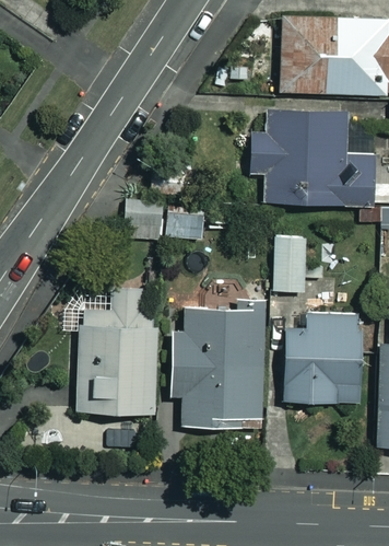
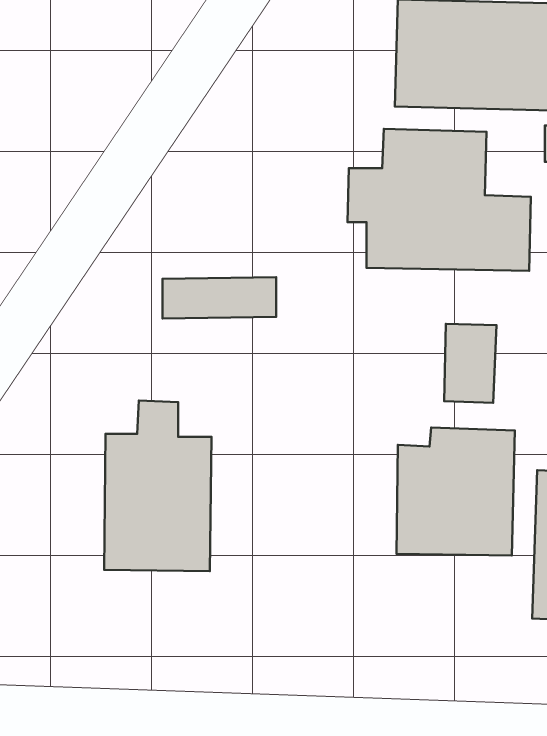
building: [271,234,307,289] -> [444,324,496,403]
building: [168,303,264,426] -> none

